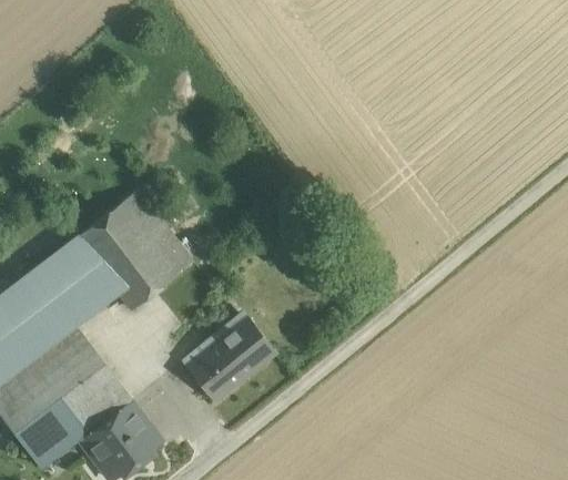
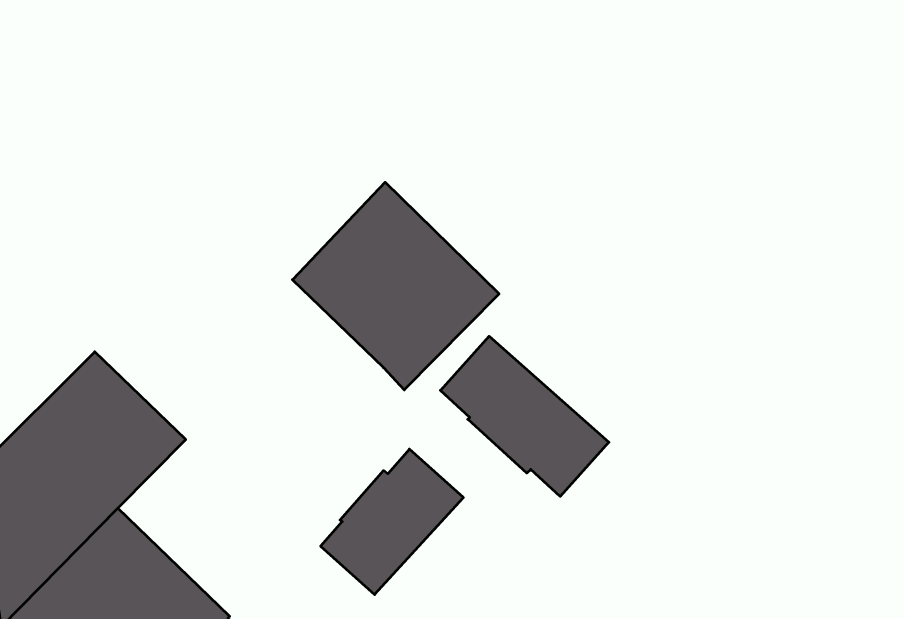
building: [77,190,193,309] -> [292,182,499,390]
building: none -> [440,336,609,496]

